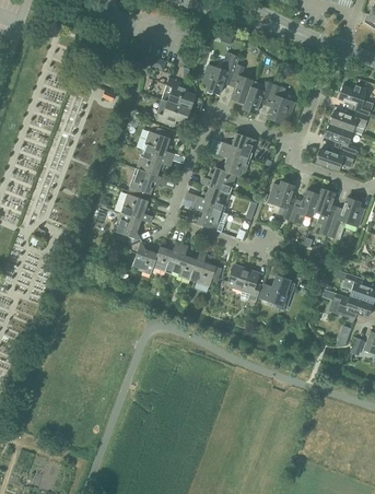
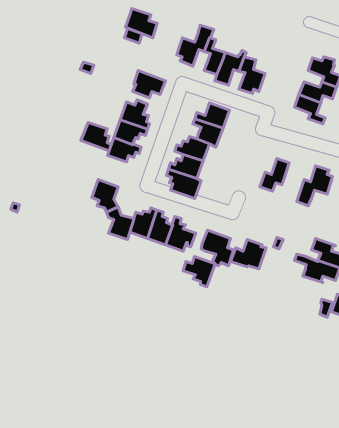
building: [163,79,196,109] -> [126,8,157,38]
building: [317,149,355,170] -> none
building: [269,180,295,220] -> none
building: [315,188,336,235] -> none
building: [121,193,153,223] -> [81,123,111,151]
building: none -> [183,256,215,287]

